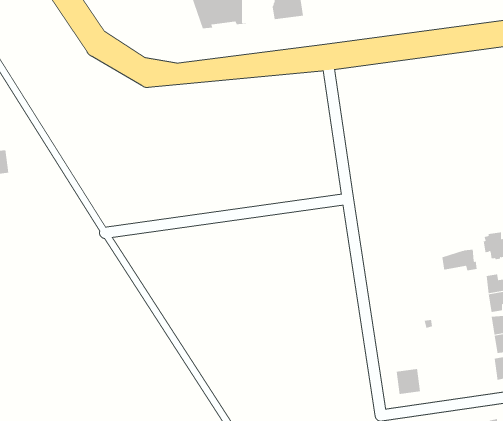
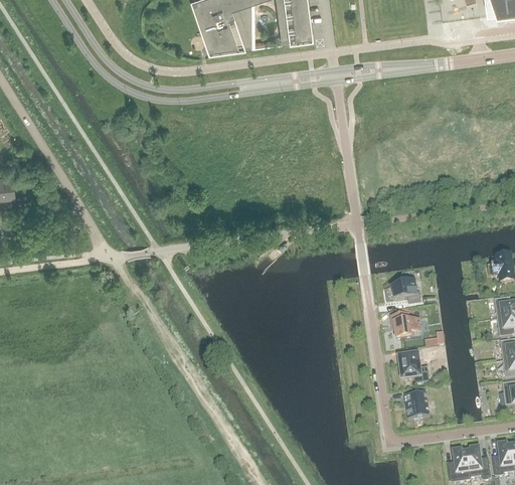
building: [442,249,478,271] -> [384,279,420,301]
building: none -> [391,312,420,337]
building: none -> [399,352,430,381]

